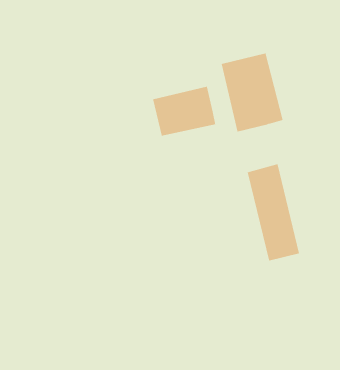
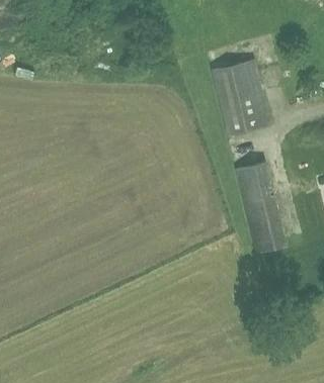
building: [153,86,216,137] -> none

